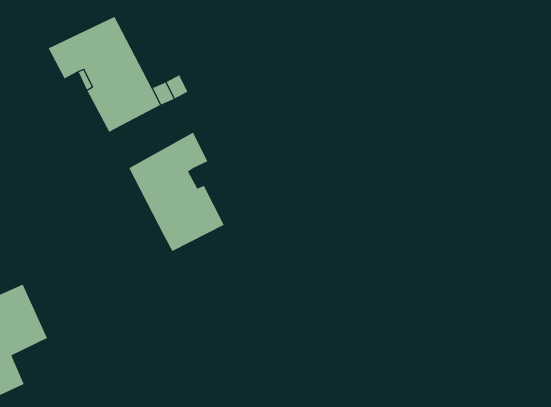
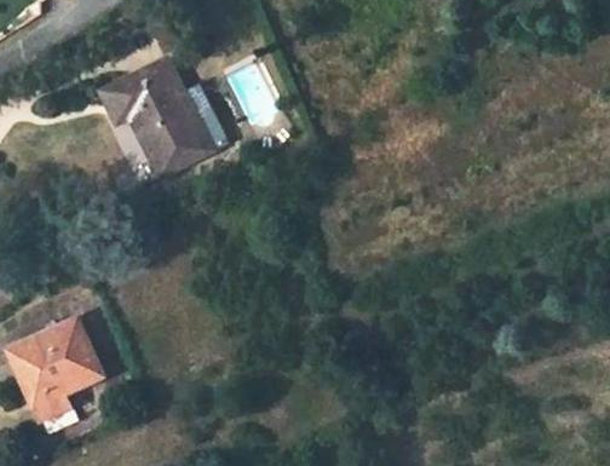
building: [128,132,224,252] -> none

